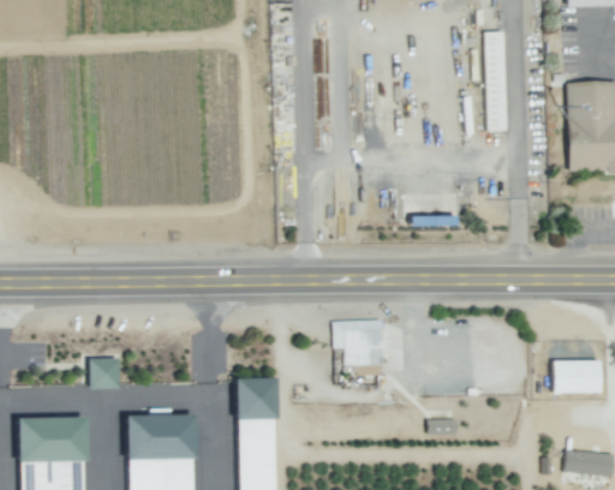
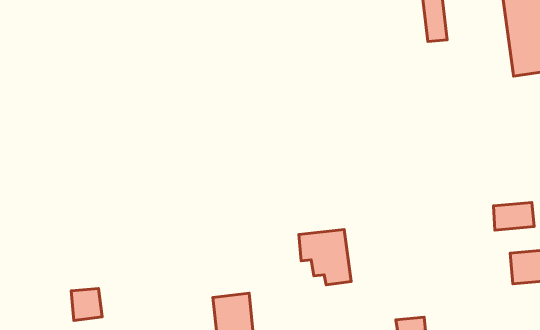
building: none -> [494,202,534,230]

